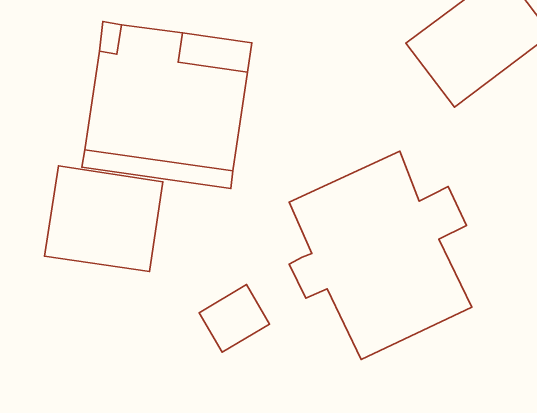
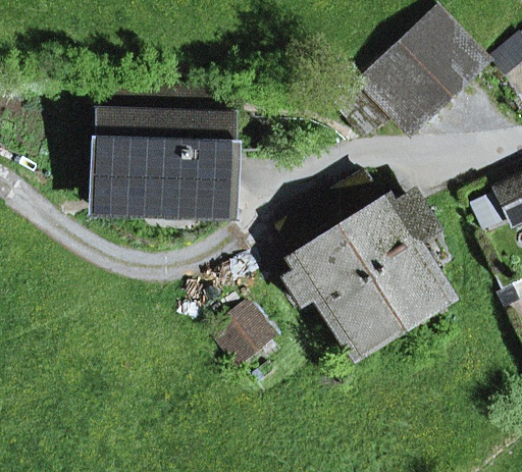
building: [44,166,163,271] -> none

